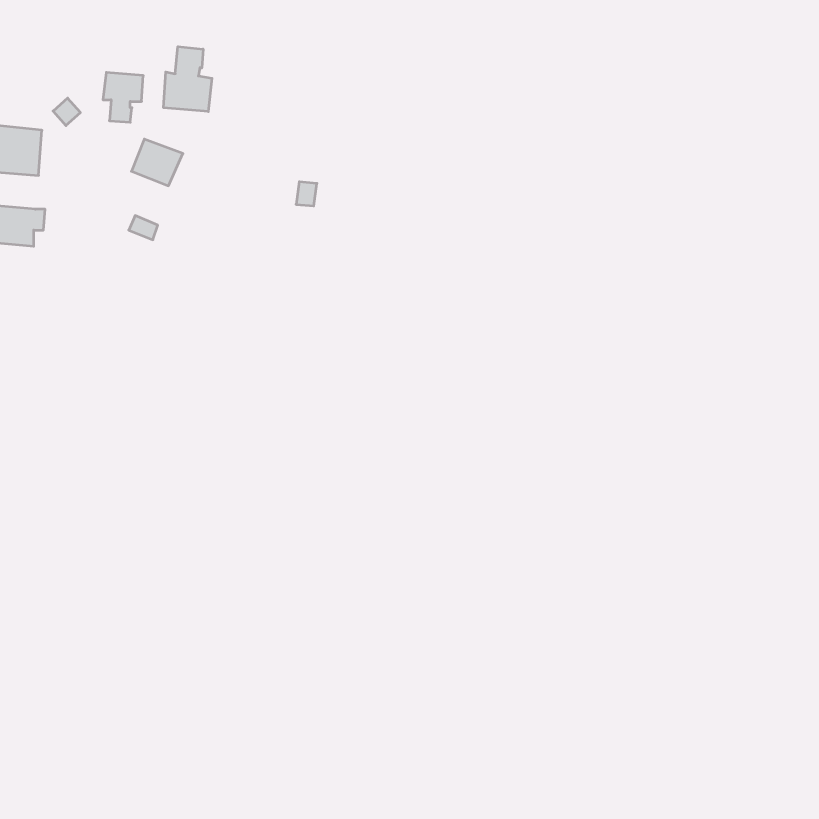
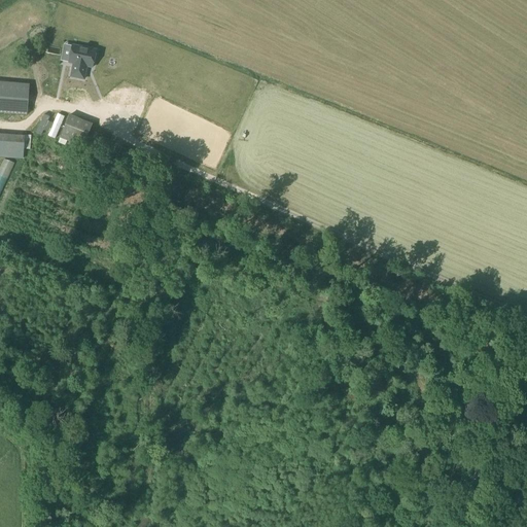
building: [164,47,212,112] -> none
building: [131,139,183,186] -> [59,113,92,143]

